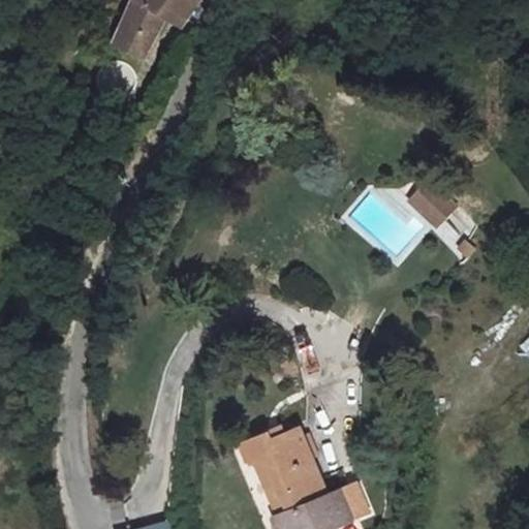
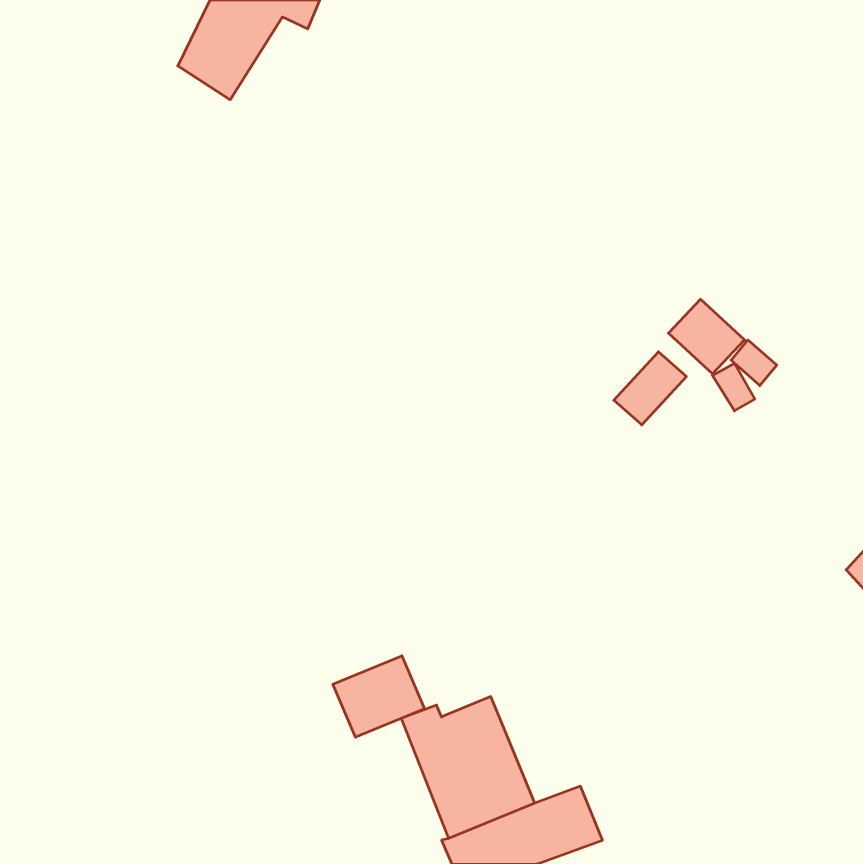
building: none -> [614,352,686,425]
building: none -> [333,656,425,737]

